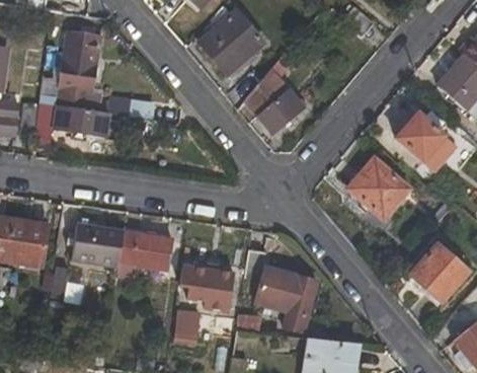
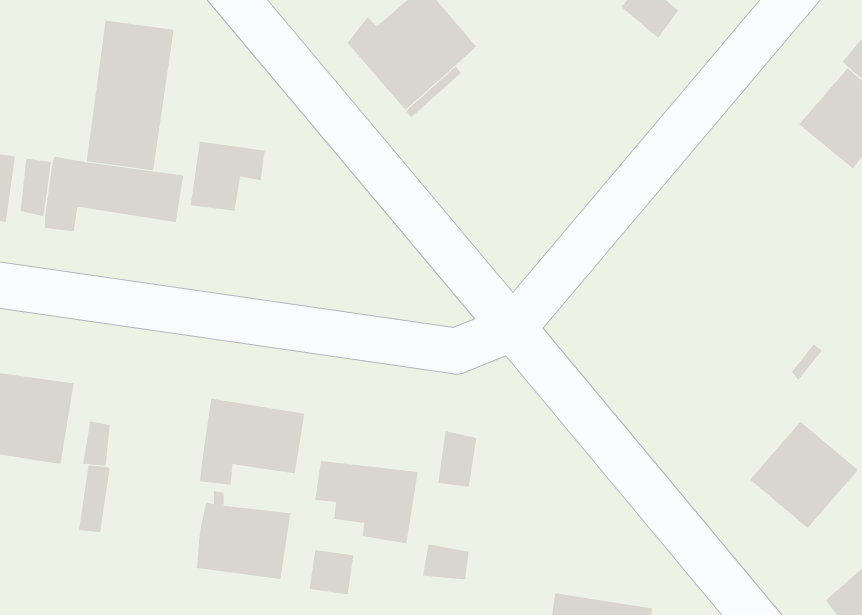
building: [245,52,305,134] -> none
building: [396,111,446,161] -> none
building: [347,157,411,220] -> none
building: [72,218,124,266] -> [196,491,293,579]
building: [256,267,317,332] -> none

